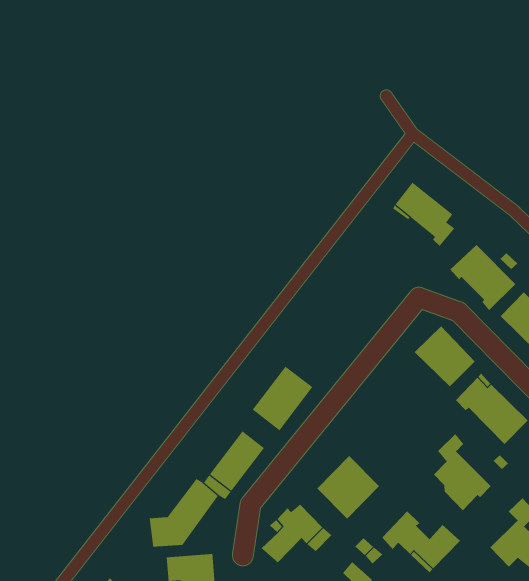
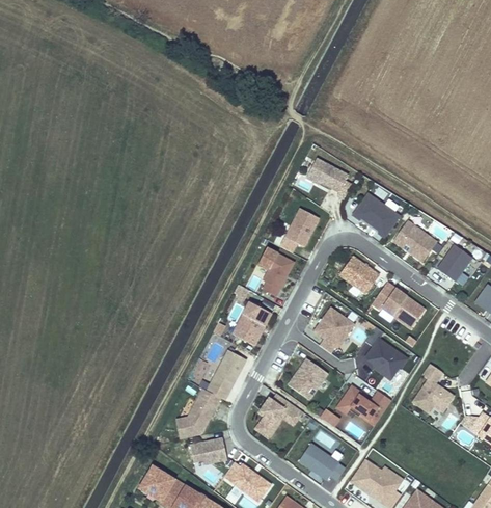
building: none -> [287,209,318,246]
building: none -> [257,247,294,296]
building: none -> [313,308,354,353]

